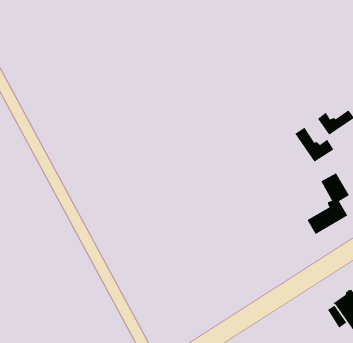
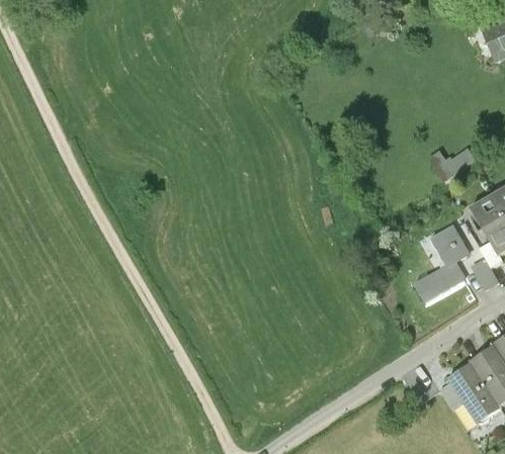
building: [295,127,334,163] -> none

